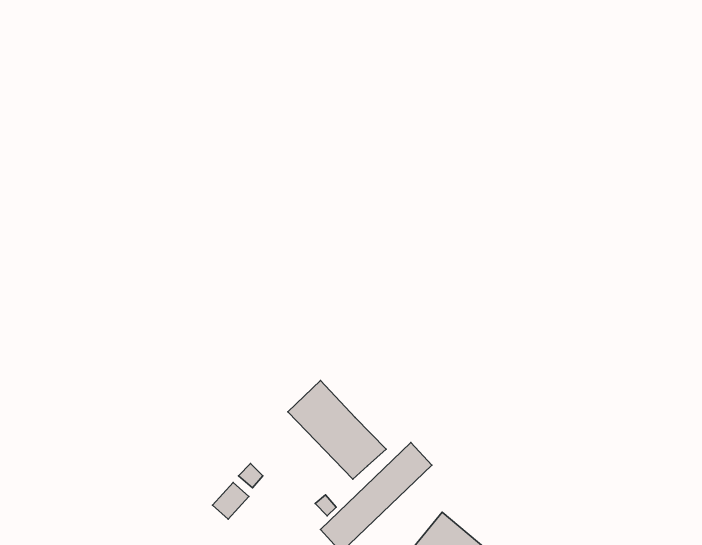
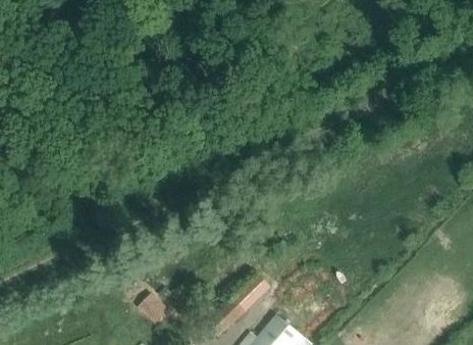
building: [288,381,386,479] -> none

